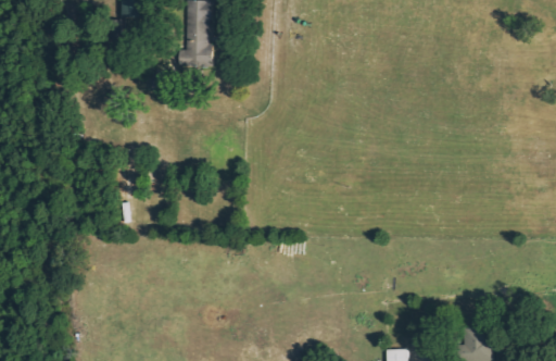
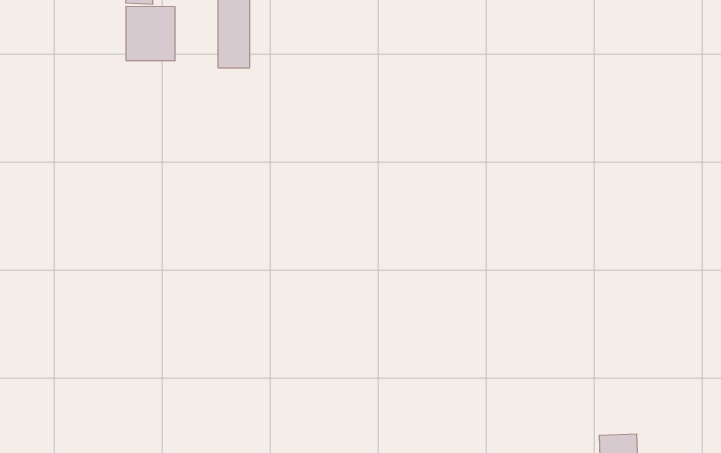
building: none -> [126,6,175,61]

